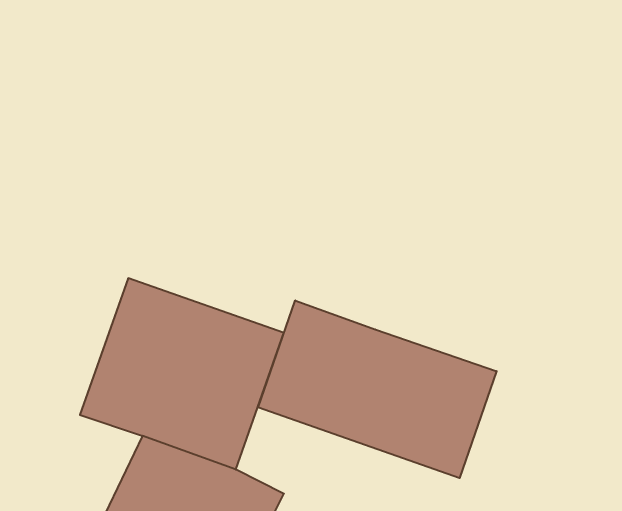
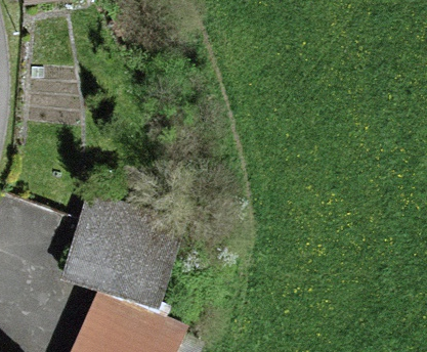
building: [258,300,497,478] -> none

